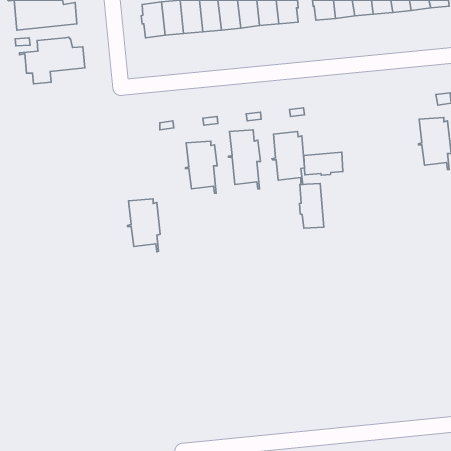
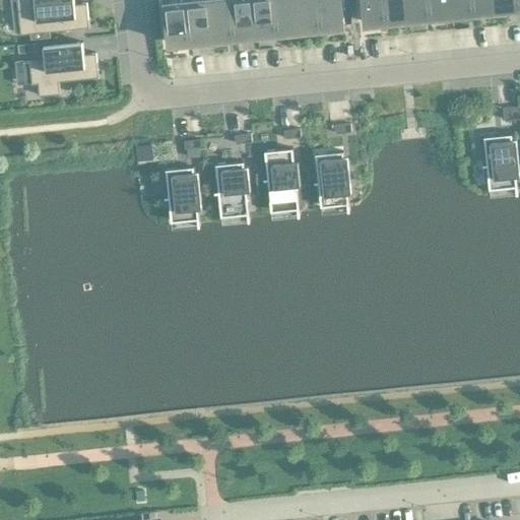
building: [304,152,343,175] -> none
building: [299,184,324,228] -> none
building: [128,199,160,252] -> [164,168,201,229]

